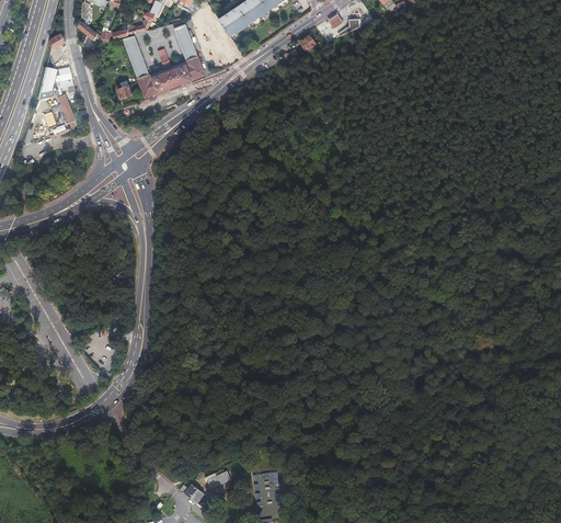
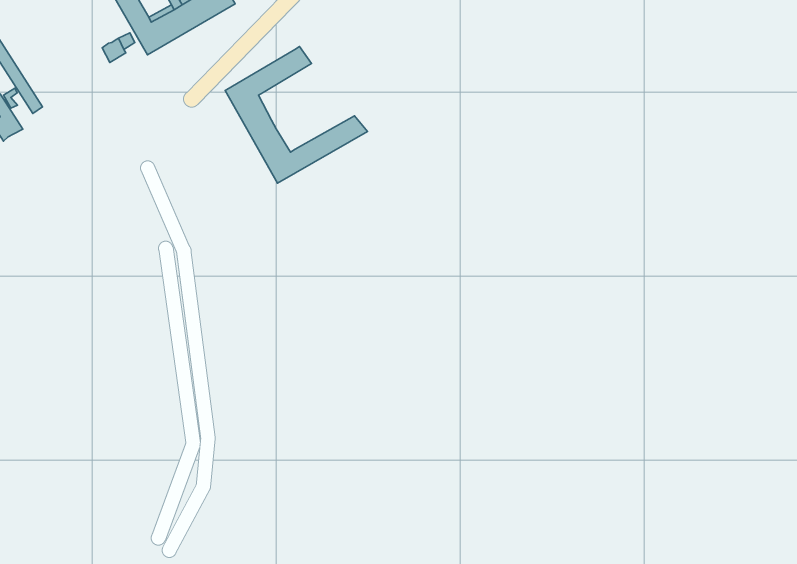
building: none -> [225,46,368,183]

